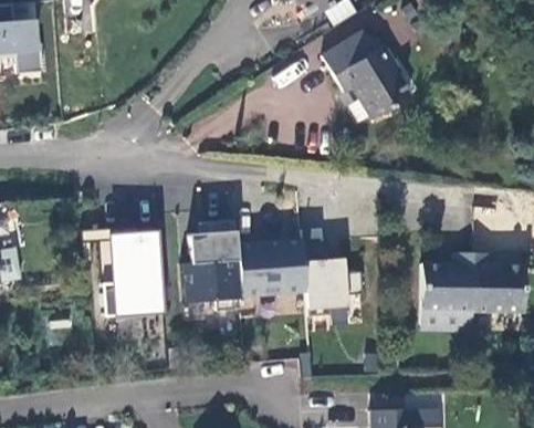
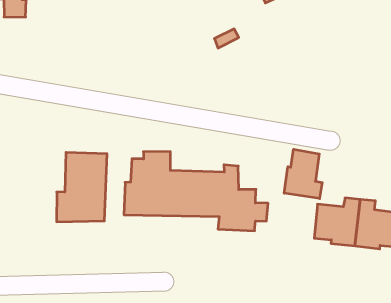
building: [320,34,407,115] -> none
building: none -> [284,149,322,199]

